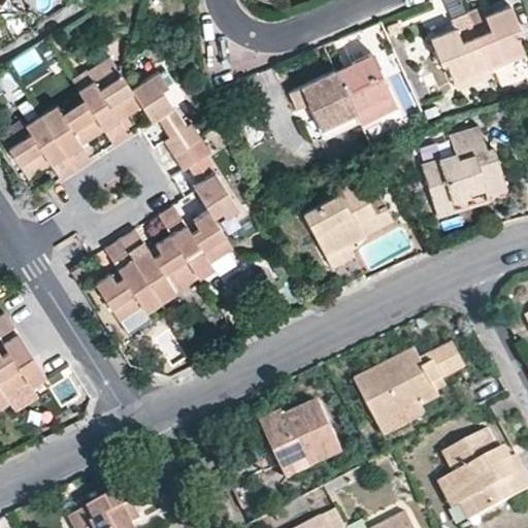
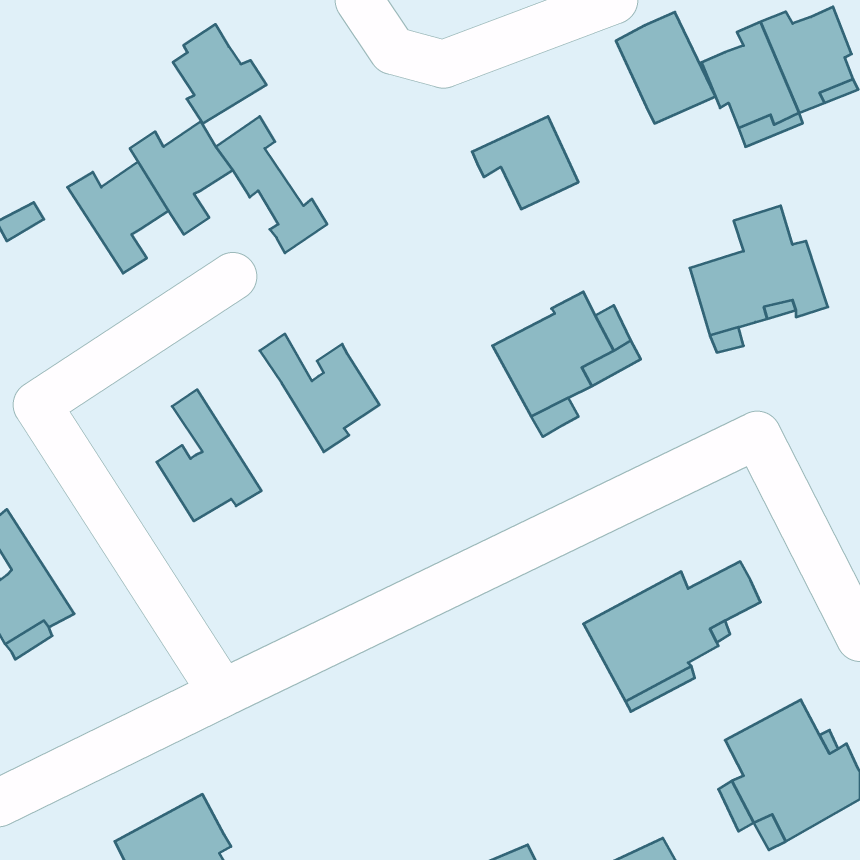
building: none -> [173,24,266,124]
building: [335,55,396,123] -> [616,12,715,123]
building: [8,116,75,178] -> none
building: [174,138,237,218] -> none
building: [121,230,195,301] -> none
building: [262,402,343,480] -> none

